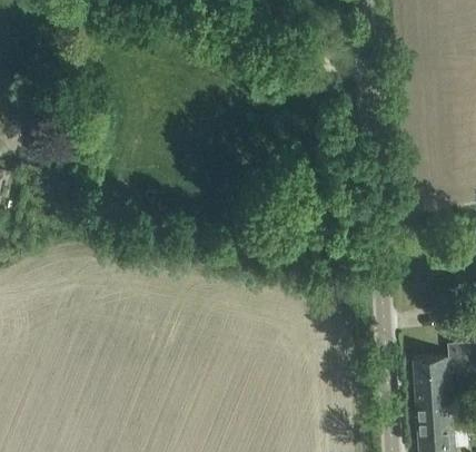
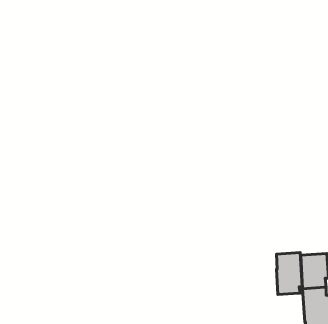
building: none -> [276,253,302,295]

